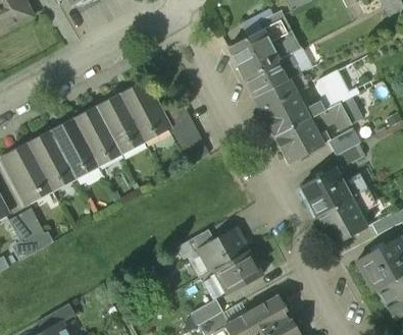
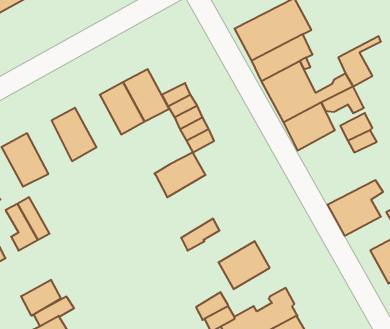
building: [75,111,119,161] -> none
building: [30,135,72,186] -> none
building: [301,168,366,216] -> none
building: [198,229,247,272] -> [154,152,206,197]
building: none -> [21,280,61,316]

